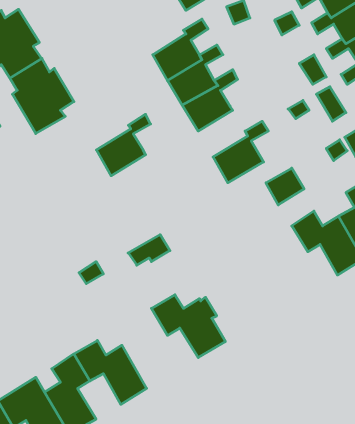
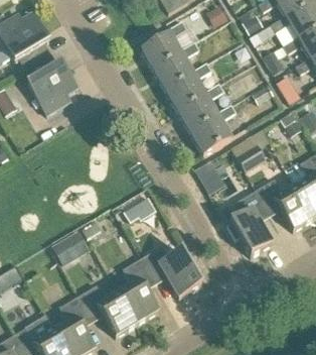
building: [96,114,151,176] -> [179,83,223,133]
building: none -> [190,158,224,194]
building: none -> [226,190,273,255]
building: none -> [54,232,89,261]
building: none -> [117,257,158,323]

